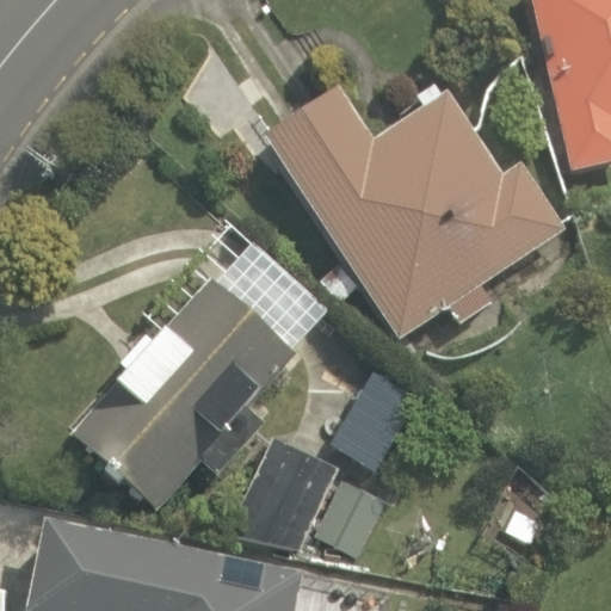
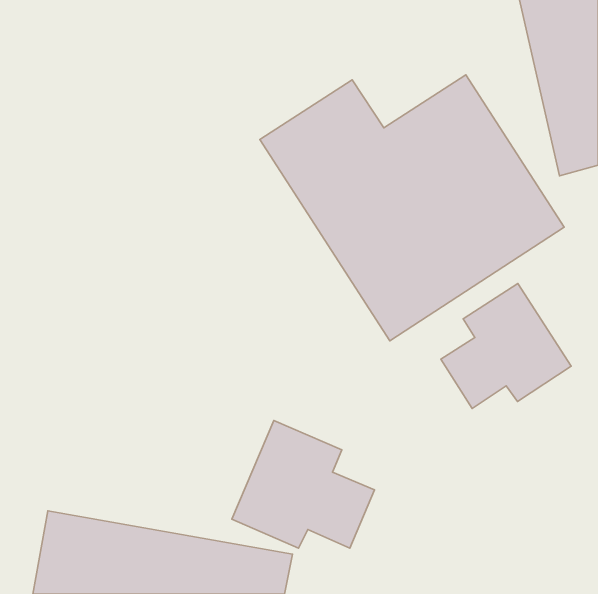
building: [60,277,301,512] -> none
building: none -> [441,283,571,408]

